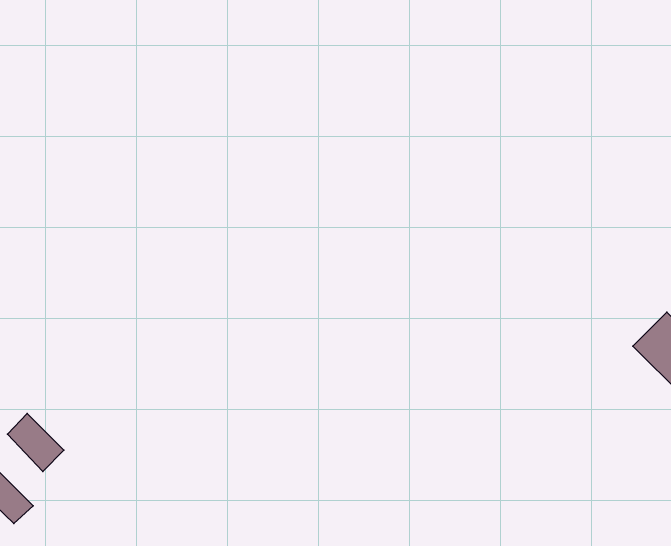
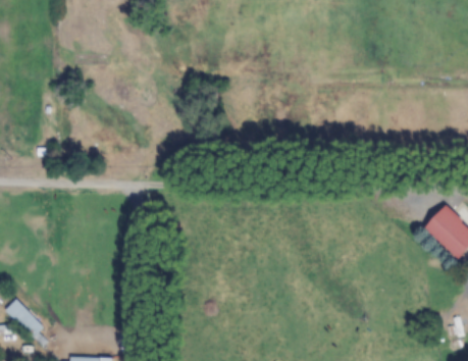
building: [7,413,64,471] -> none

